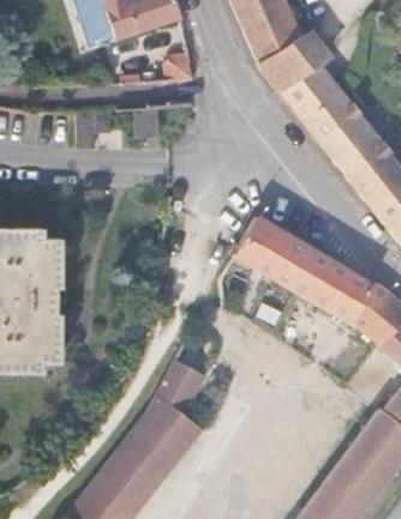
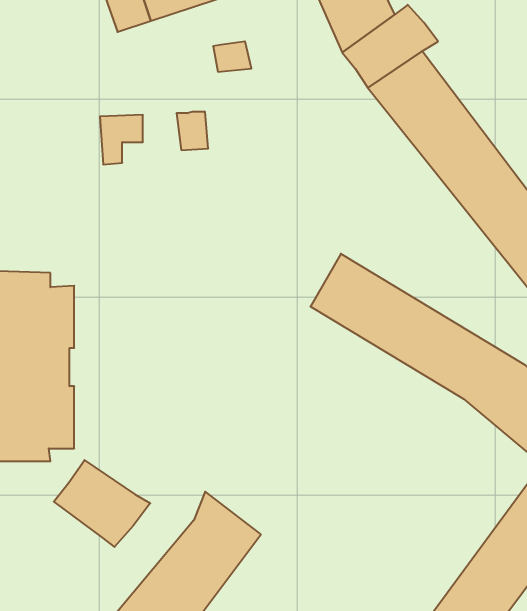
building: [156,357,209,424] -> none
building: none -> [54,460,150,547]

